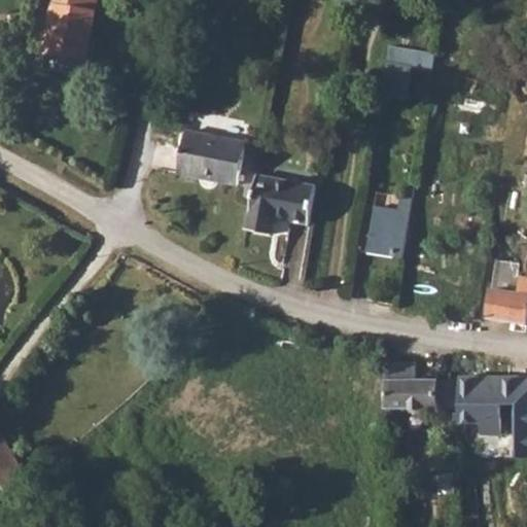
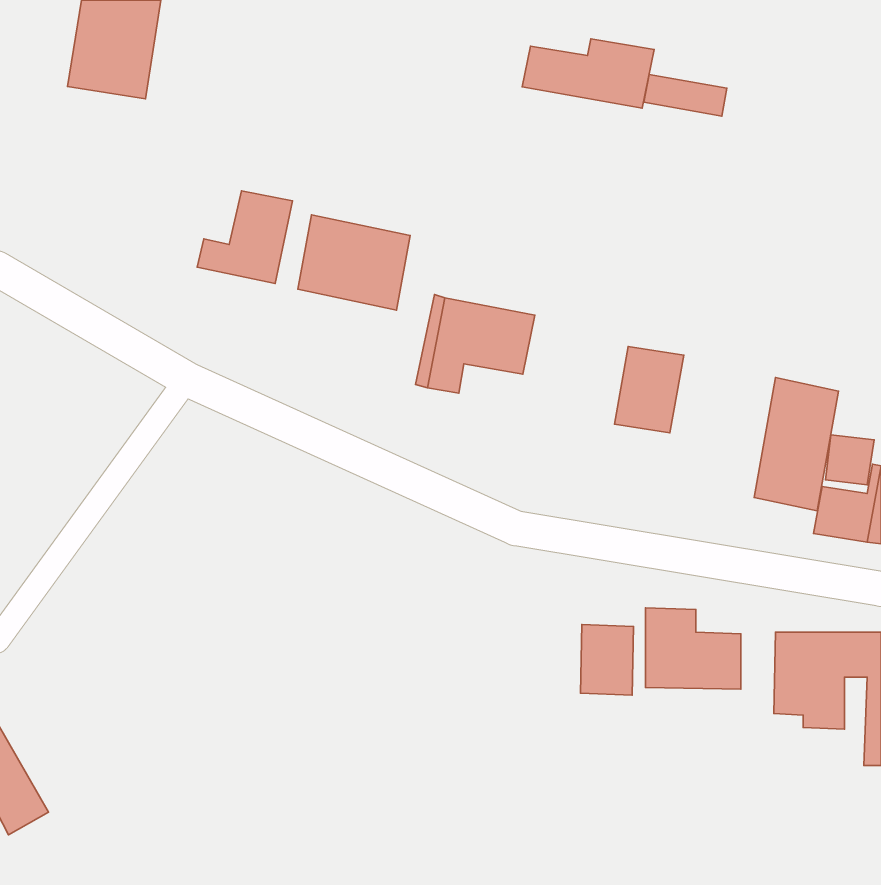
building: none -> [522,39,654,108]
building: none -> [197,191,292,284]
building: none -> [754,378,839,511]
building: none -> [581,625,634,695]

